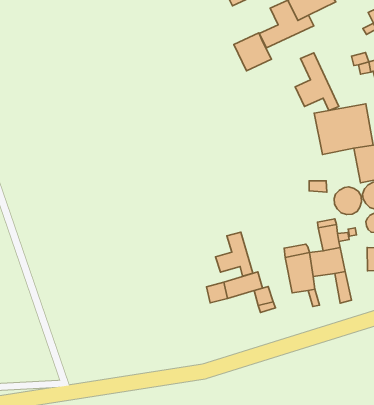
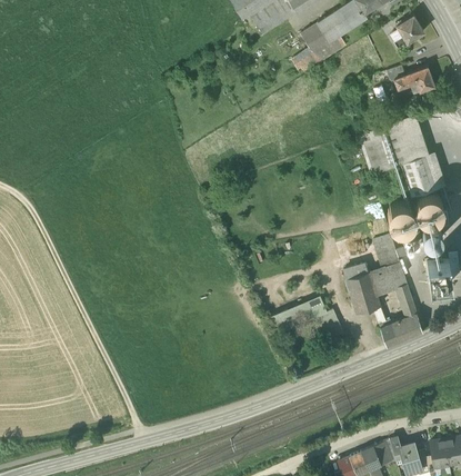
building: [234,33,271,71] -> none
building: [295,53,339,111] -> none
building: [216,232,253,276] -> none
building: none -> [381,313,423,346]

